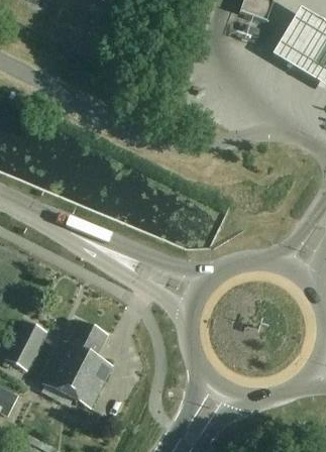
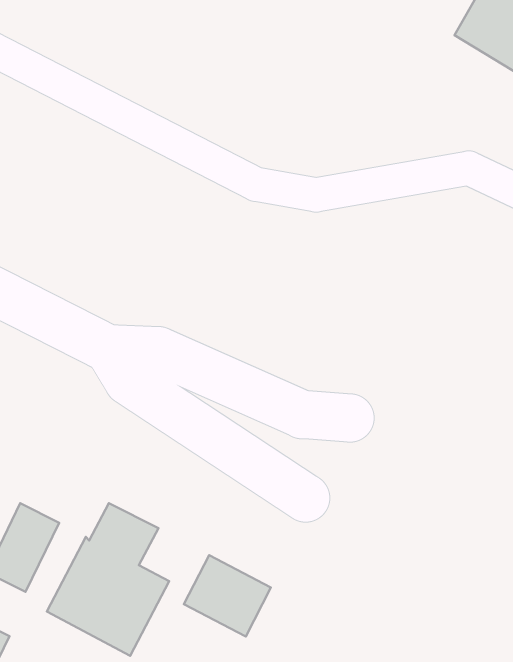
building: none -> [184,555,271,636]

